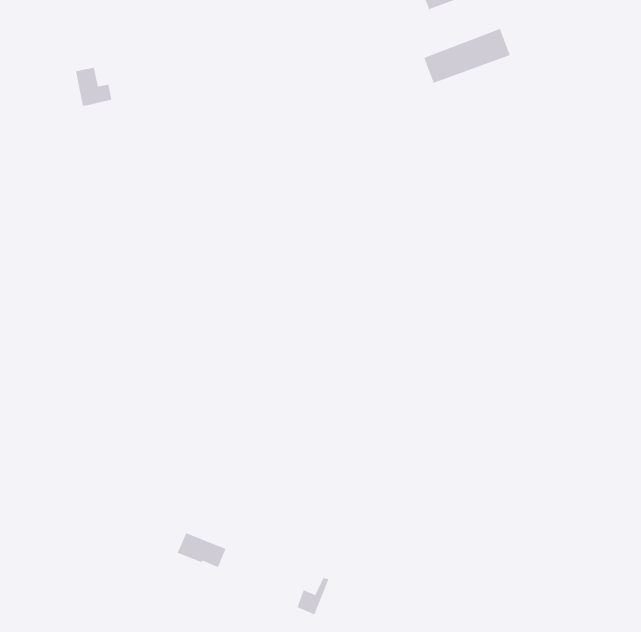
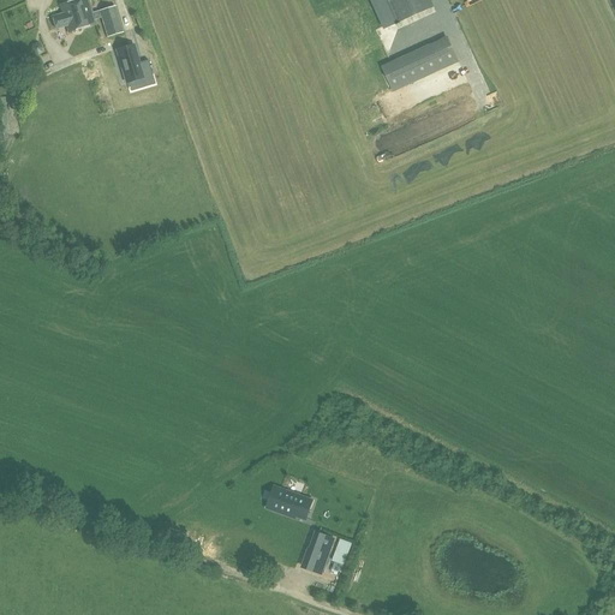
building: [75,67,112,106] -> [114,42,149,78]
building: [176,532,227,568] -> [267,486,311,517]

